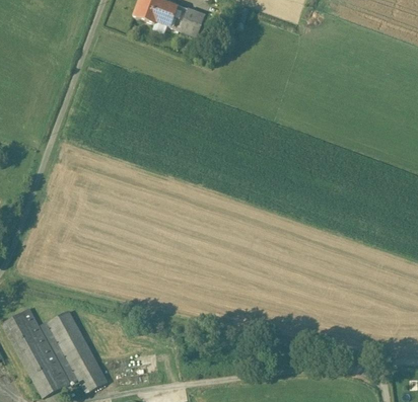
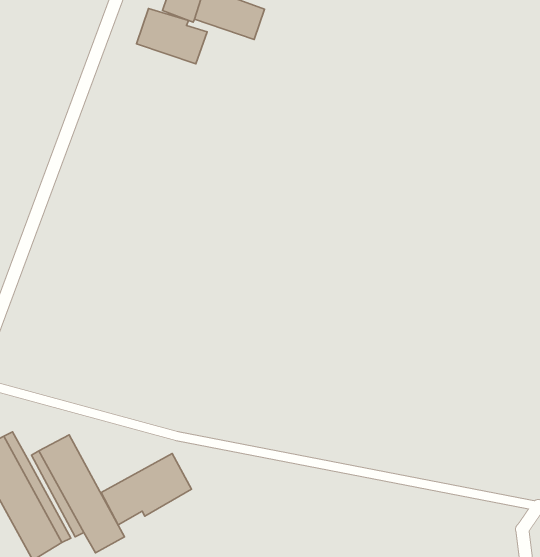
building: none -> [137,8,207,64]
building: none -> [101,454,191,525]

